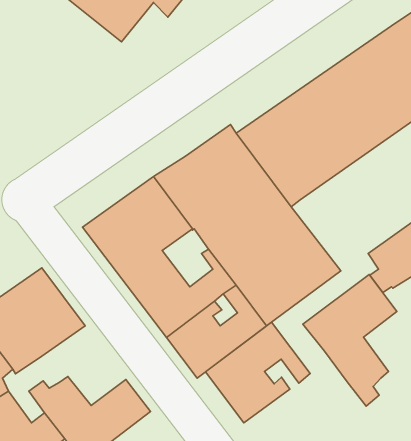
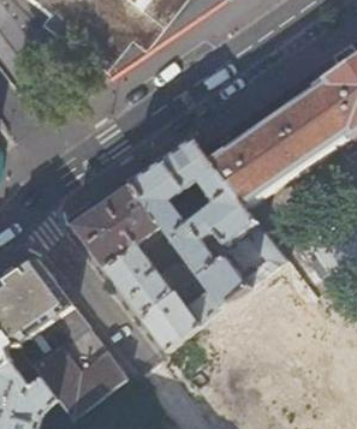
building: [303,274,397,406] -> none
building: [206,322,310,423] -> none
building: none -> [38,308,108,374]

